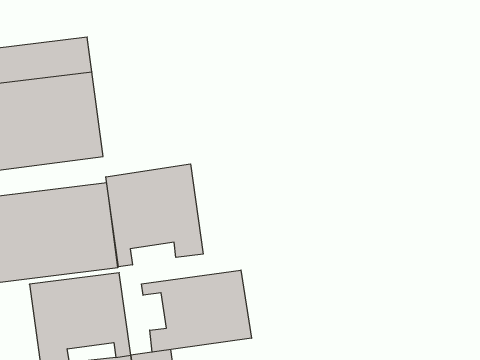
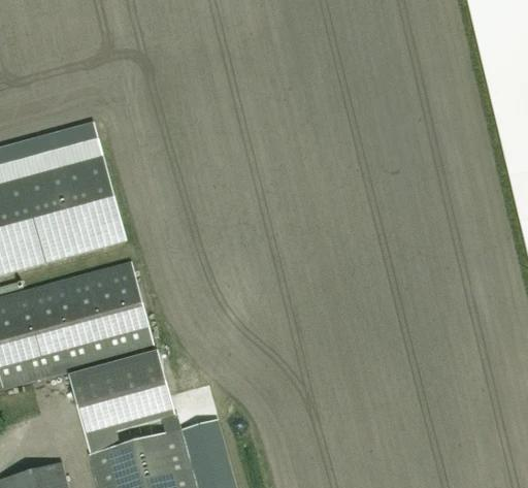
building: [106,164,203,267] -> none
building: [142,270,252,352] -> none

